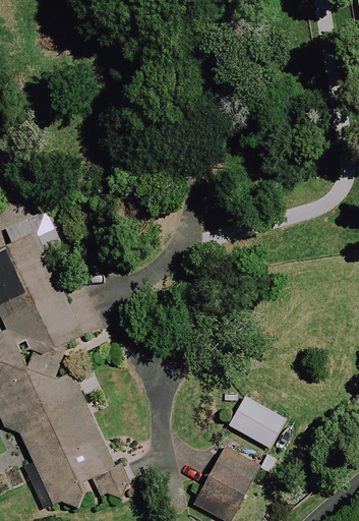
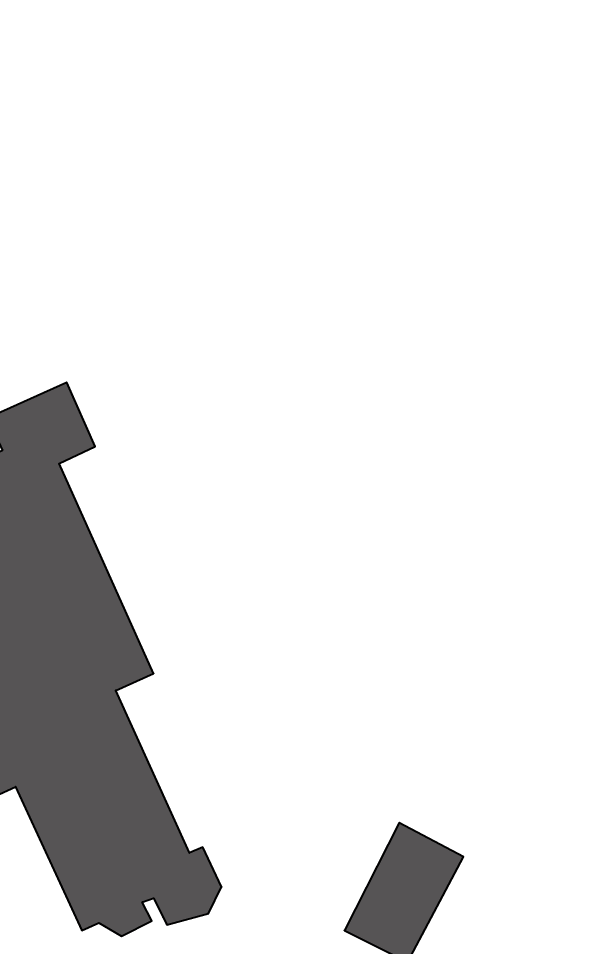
building: [229,397,286,448] -> none

